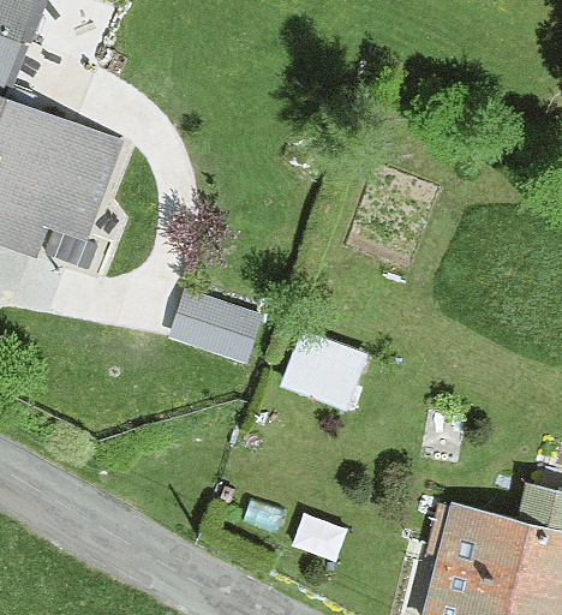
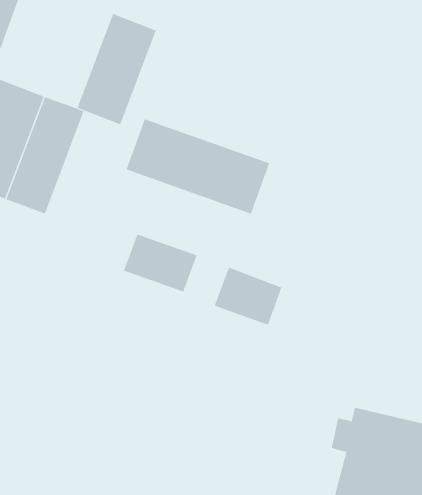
building: none -> [77,13,156,125]
building: none -> [126,118,270,214]

